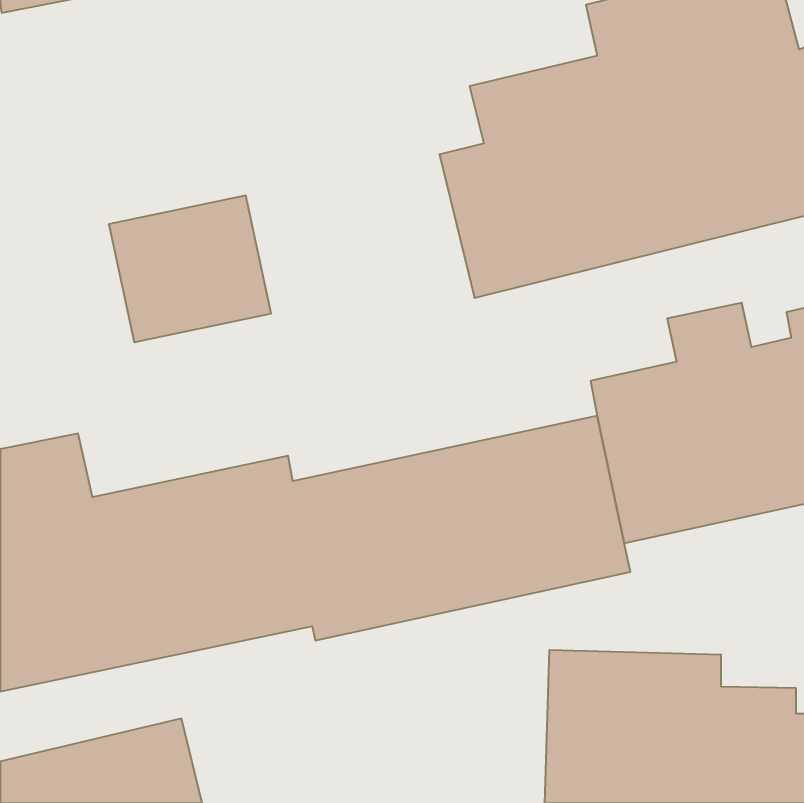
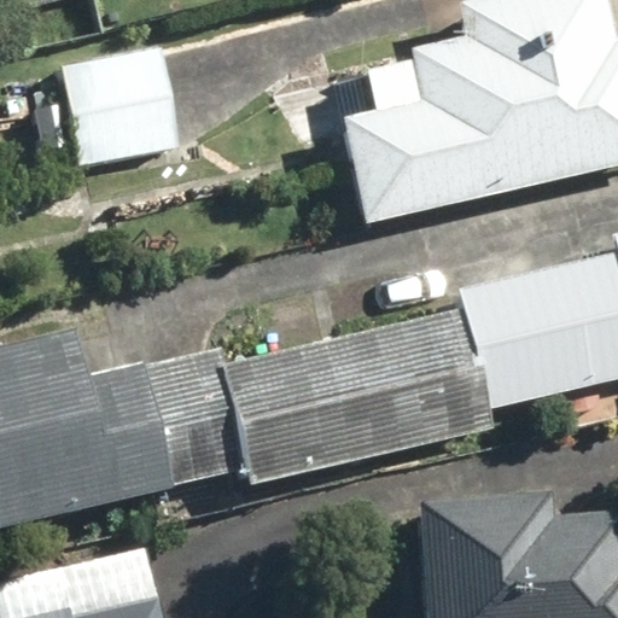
building: [109,196,271,342] -> [59,45,182,156]

